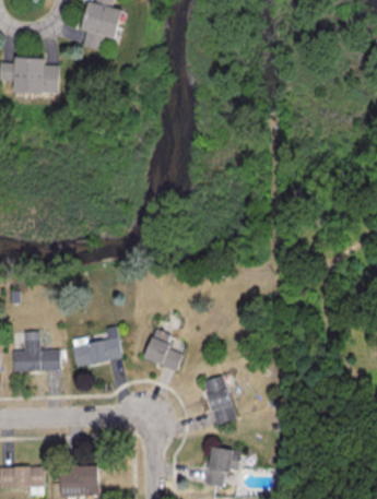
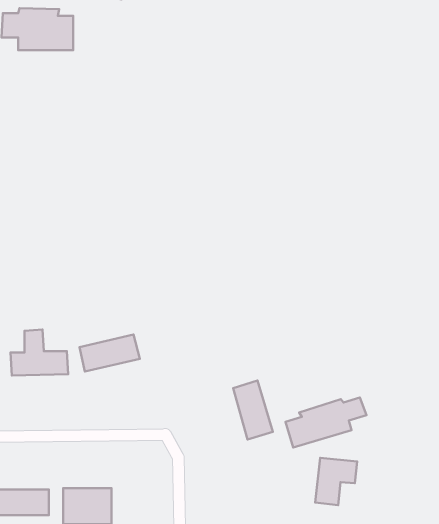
building: [140,329,181,371] -> none
building: none -> [285,398,366,448]
building: [203,448,239,488] -> [315,458,357,505]

